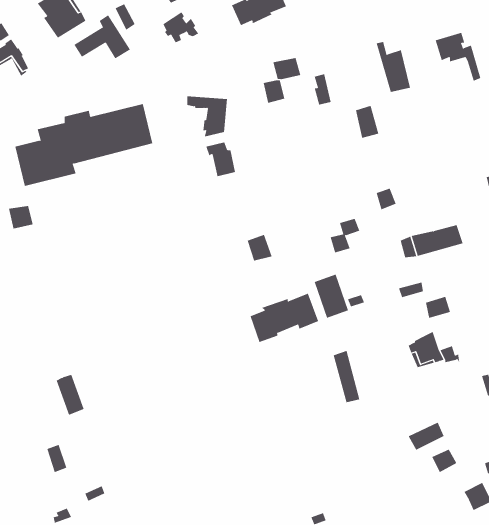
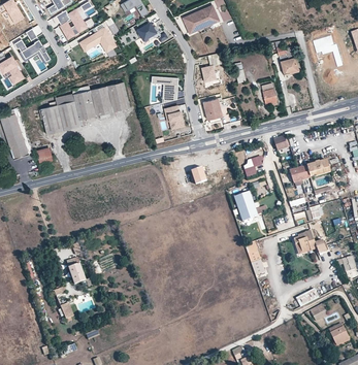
building: none -> [201,95,222,124]
building: [250,293,319,343] -> none

